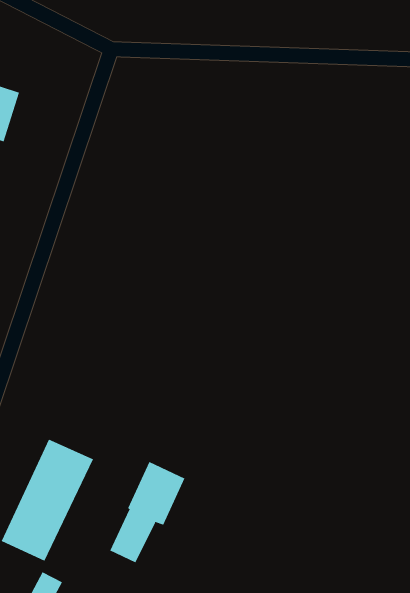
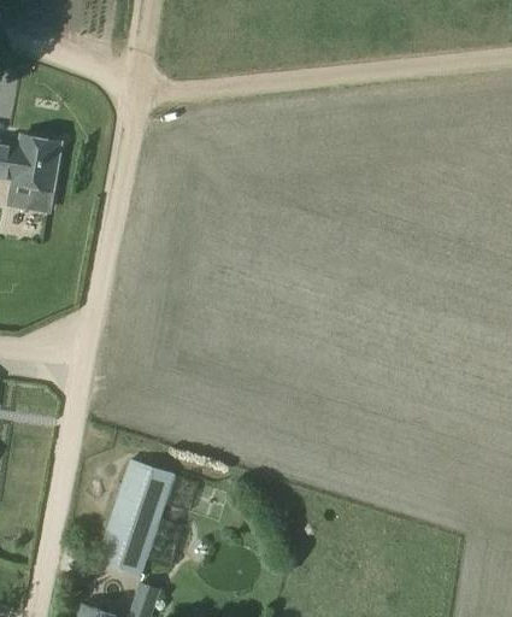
building: [109,461,185,563] -> none

